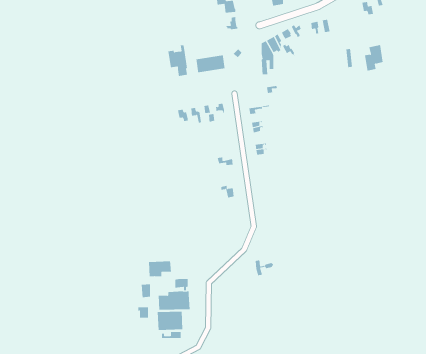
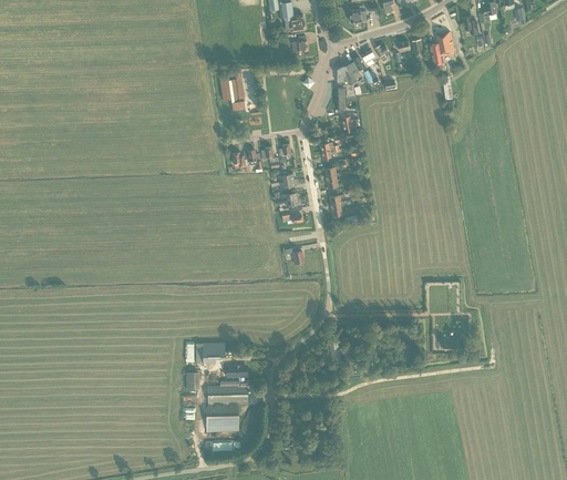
building: [364,45,384,71] -> [430,30,454,63]
building: [196,54,225,73] -> none

